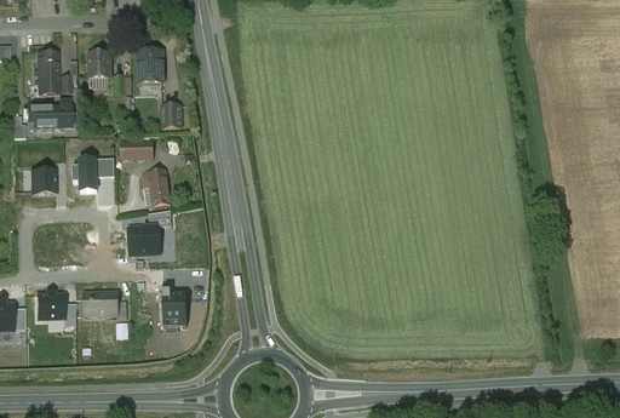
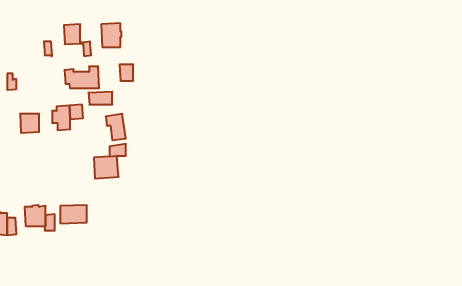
building: [36,53,58,93] -> none
building: [25,101,71,130] -> [64,66,99,88]
building: [161,291,185,327] -> none

